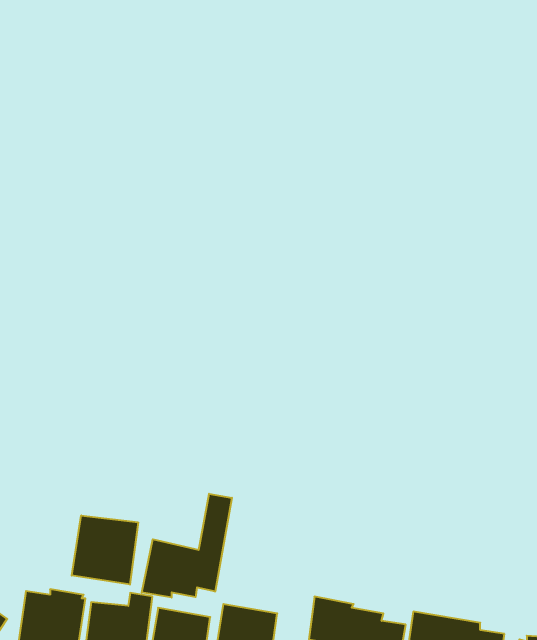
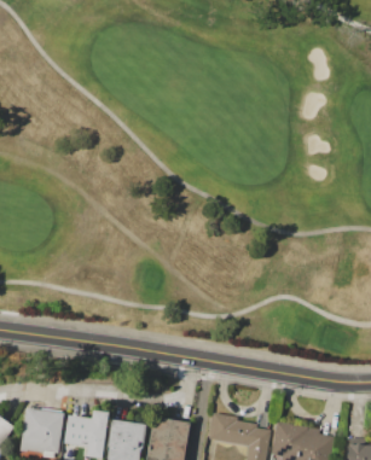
building: [142,494,232,598] -> none
building: [72,515,138,585] -> none

